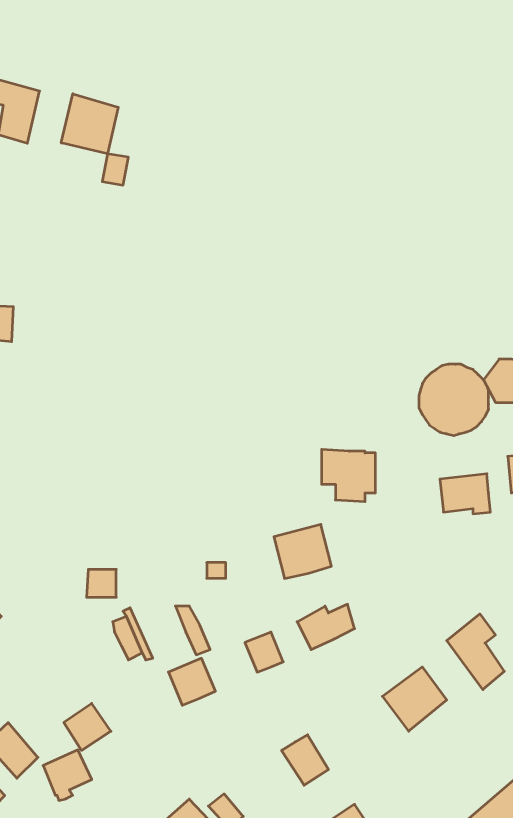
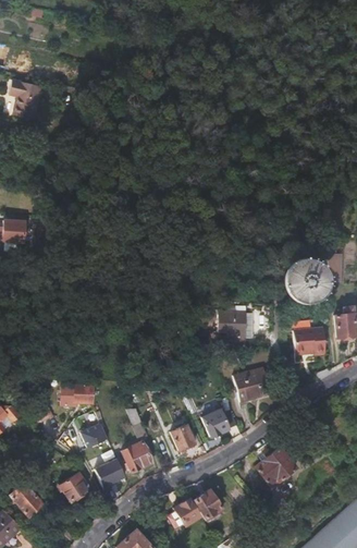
building: [61,94,118,154] -> none
building: [274,524,331,578] -> [234,367,270,401]
building: [447,614,504,690] -> none
building: none -> [169,498,201,529]
building: [43,750,92,800] -> [94,458,124,489]

